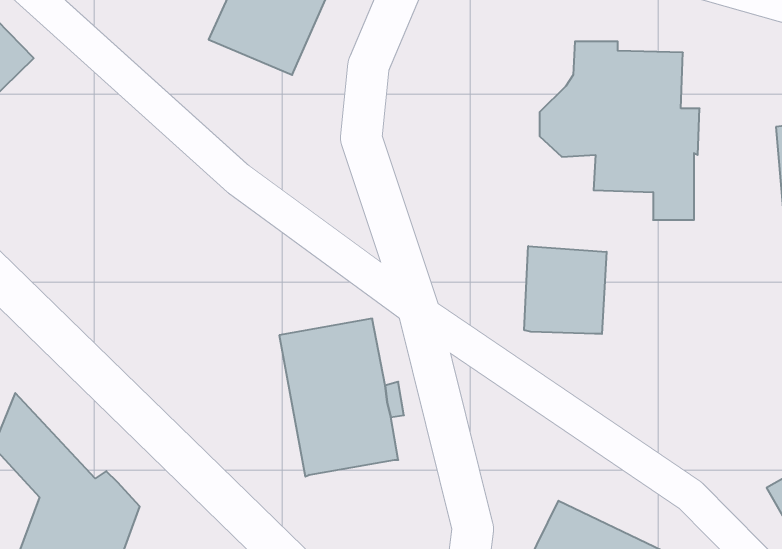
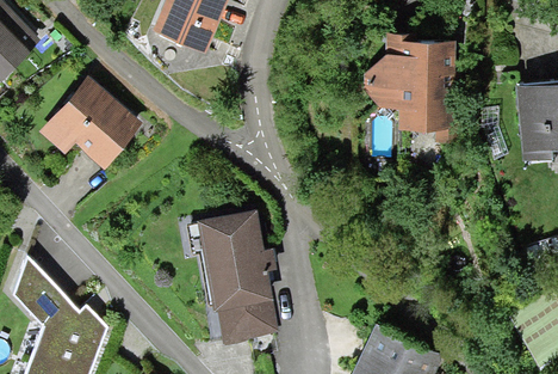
building: none -> [38,76,142,166]
building: [524,246,607,334] -> none
building: none -> [216,299,277,345]

